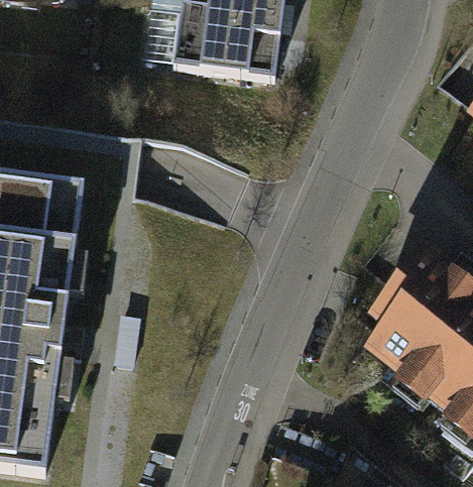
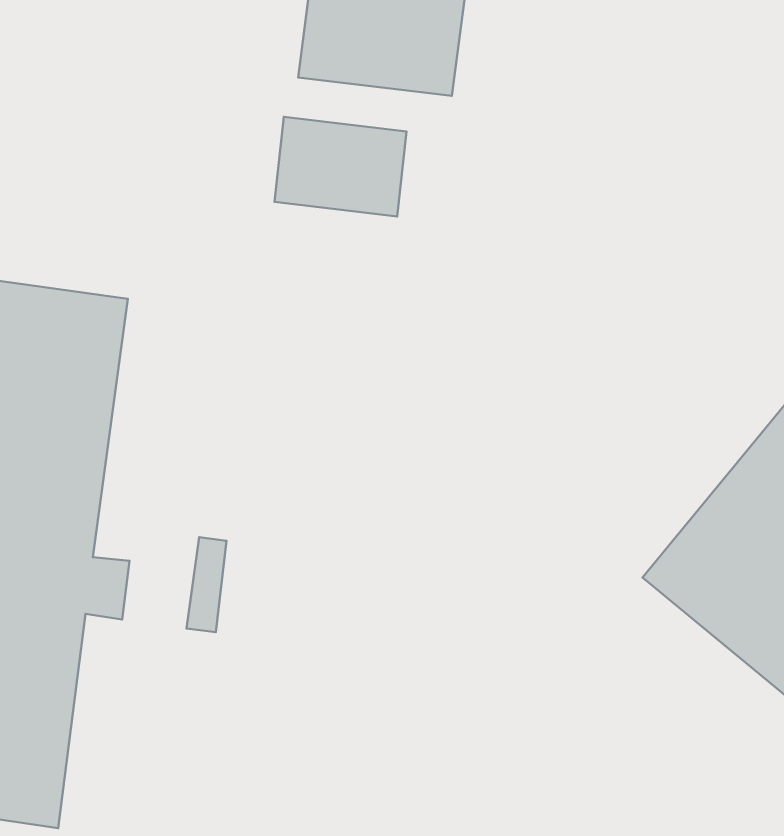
building: none -> [275,117,406,216]

